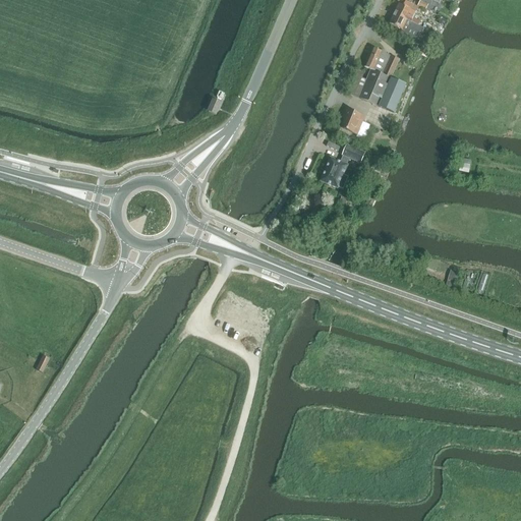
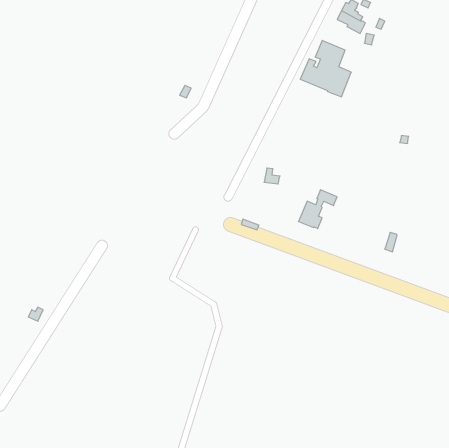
building: [341,108,365,133] -> none
building: [322,143,366,188] -> [298,190,337,229]

